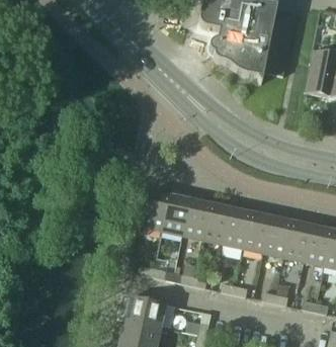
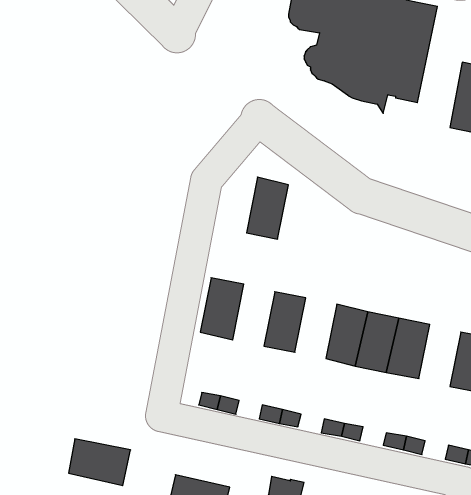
building: [163,193,190,234] -> [247,177,288,239]
building: [203,202,231,242] -> none
building: [284,220,312,260] -> none
building: [125,295,166,326] -> [69,439,131,486]

